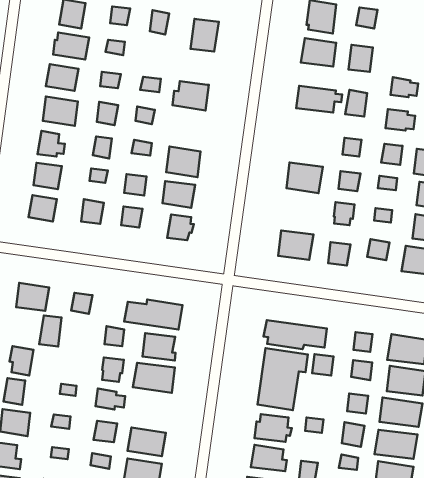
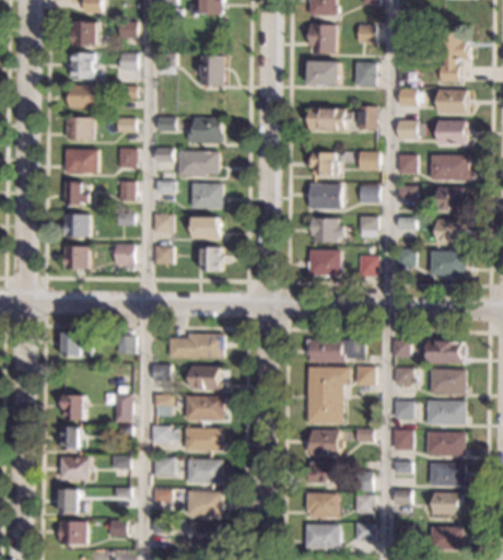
building: none -> [178,151,219,177]
building: none -> [309,152,338,176]
building: none -> [312,219,343,242]
building: [39,315,62,347] -> [113,394,131,422]
building: none -> [185,428,222,452]

